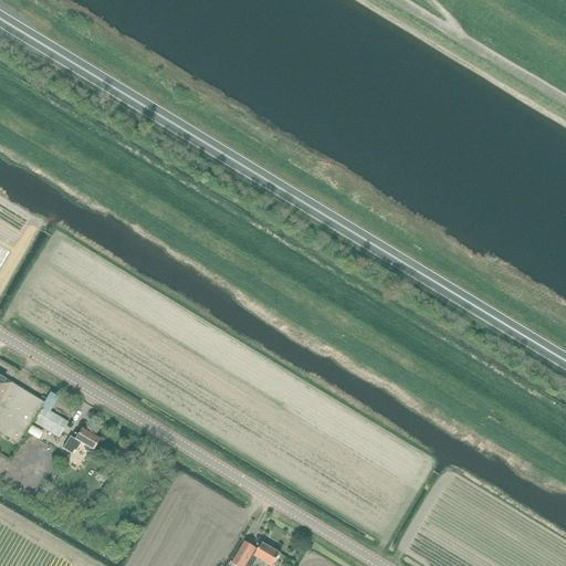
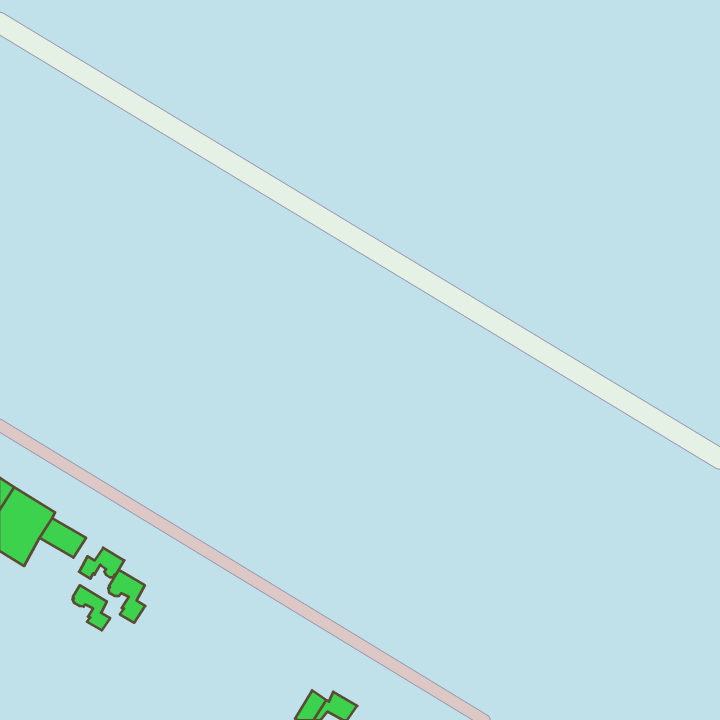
building: none -> [108,570,145,623]
building: none -> [73,585,110,630]

